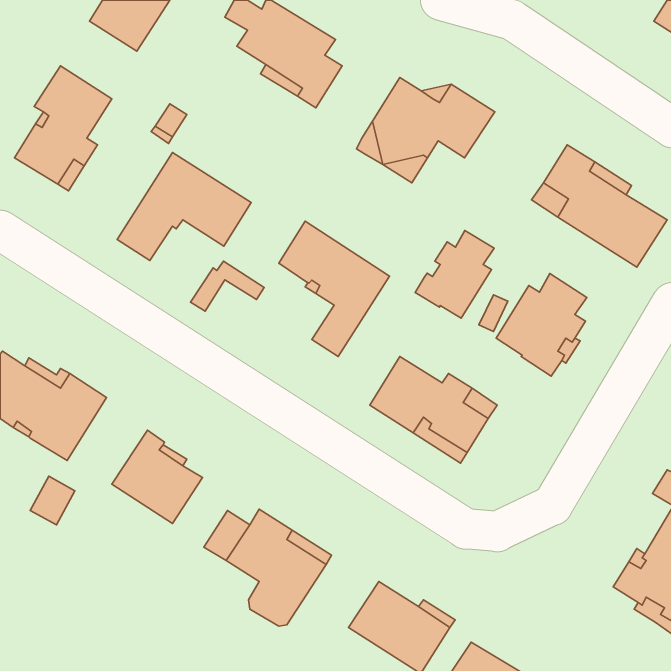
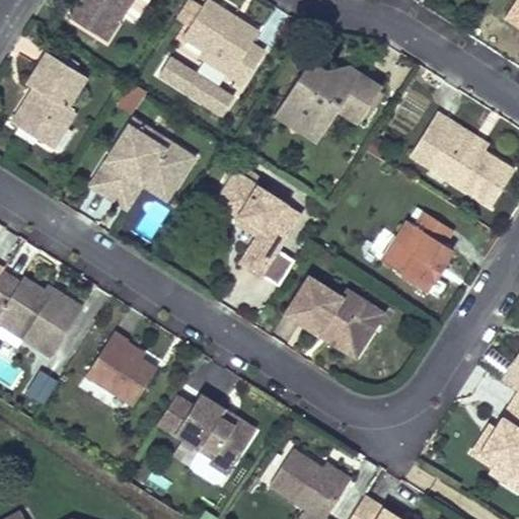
building: none -> [160,58,234,116]
building: [415,230,494,318] -> none
building: [191,261,264,311] -> [117,170,173,209]

